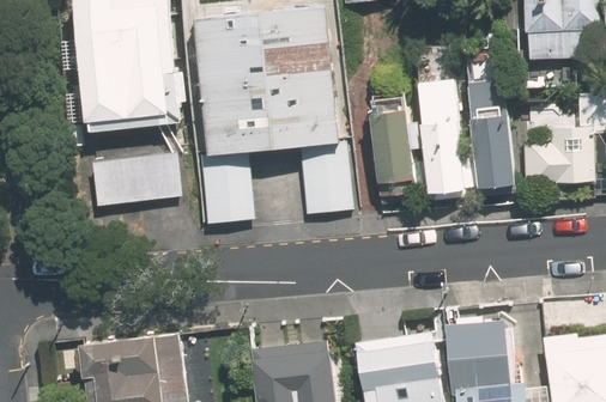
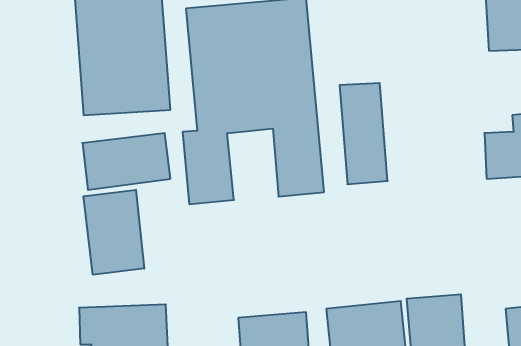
building: [469,79,519,191] -> none
building: [411,81,466,197] -> none
building: none -> [83,190,144,275]

